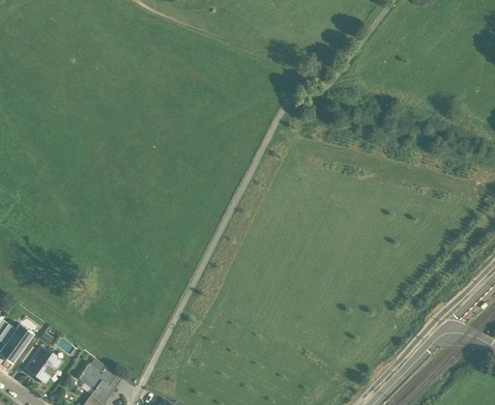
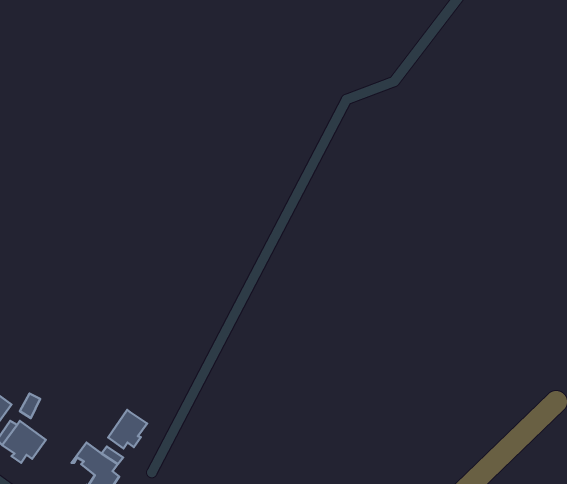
building: none -> [108,410,147,448]

